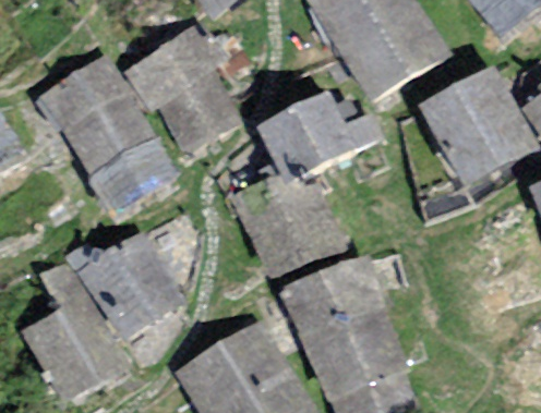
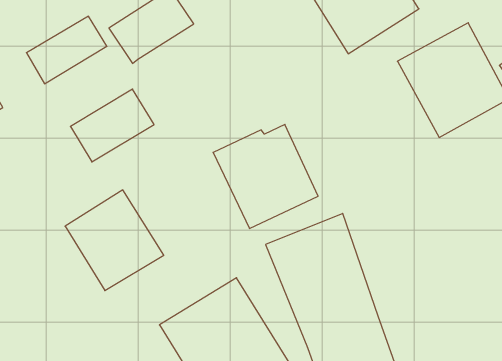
building: [156,65,238,148] -> none
building: [61,88,151,170] -> none
building: [260,94,377,178] -> none
building: [24,259,124,399] -> none

